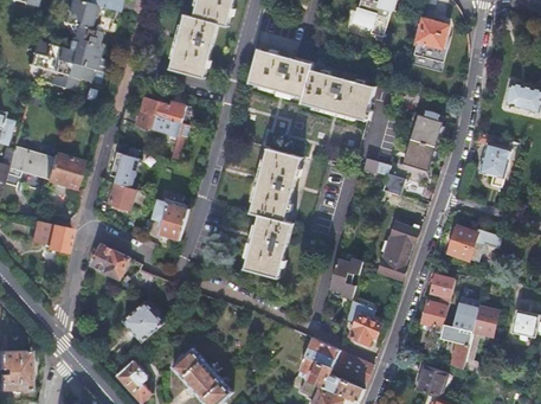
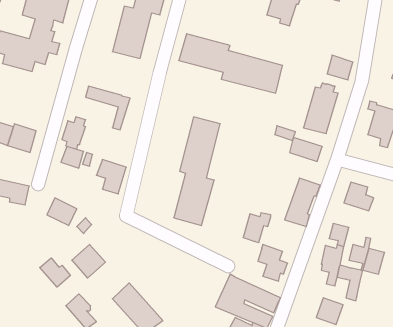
building: [419,18,450,47] -> [327,55,353,80]
building: [143,97,188,122] -> none
building: none -> [40,258,70,287]

